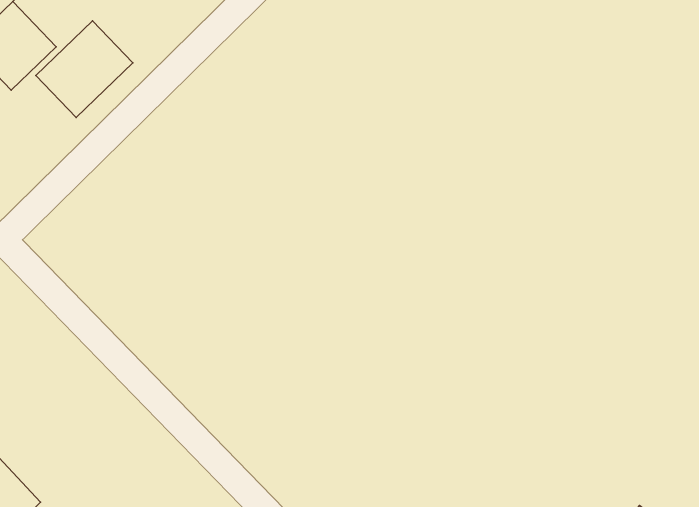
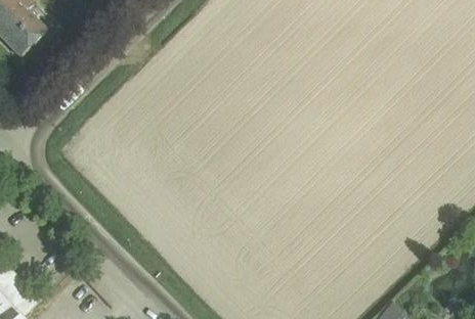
building: [36,21,133,117] -> none

